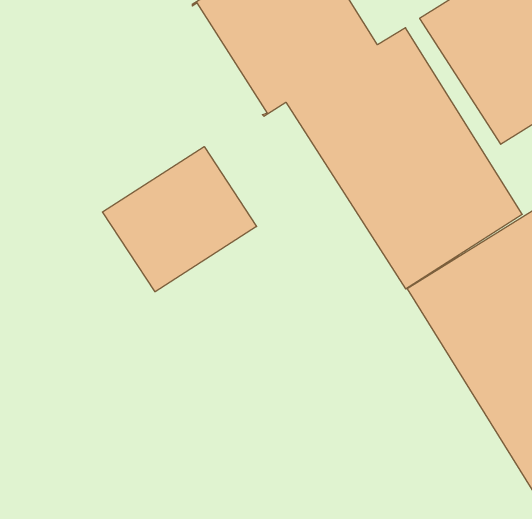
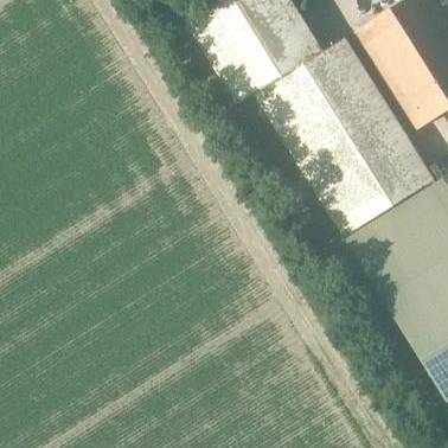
building: [102,147,257,292] -> none

